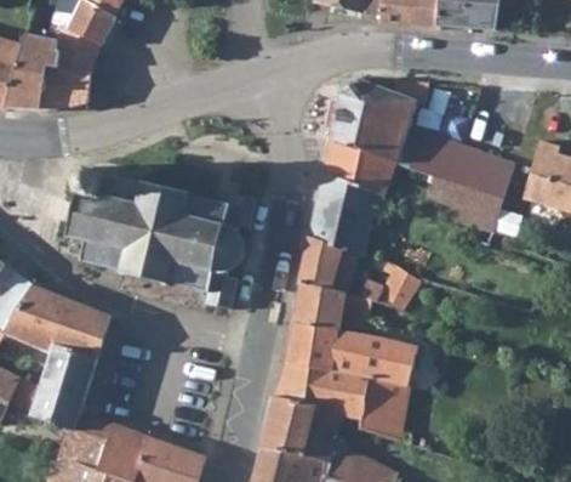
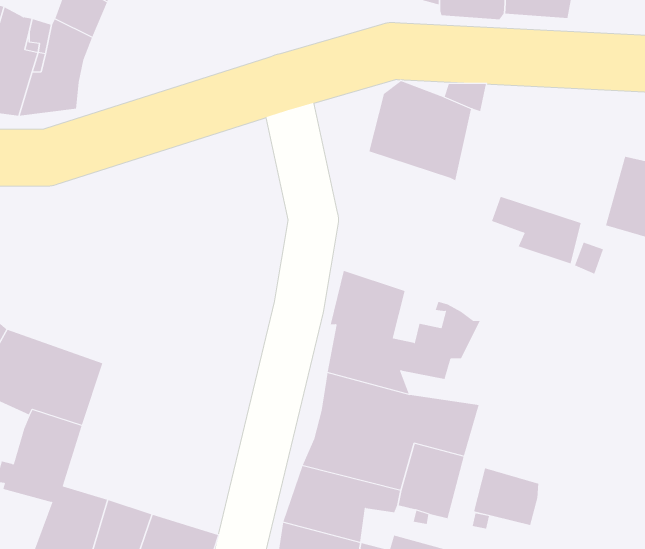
building: [410,135,512,198] -> none
building: [307,140,394,256] -> none
building: [62,164,257,308] -> none
building: none -> [474,468,539,526]

